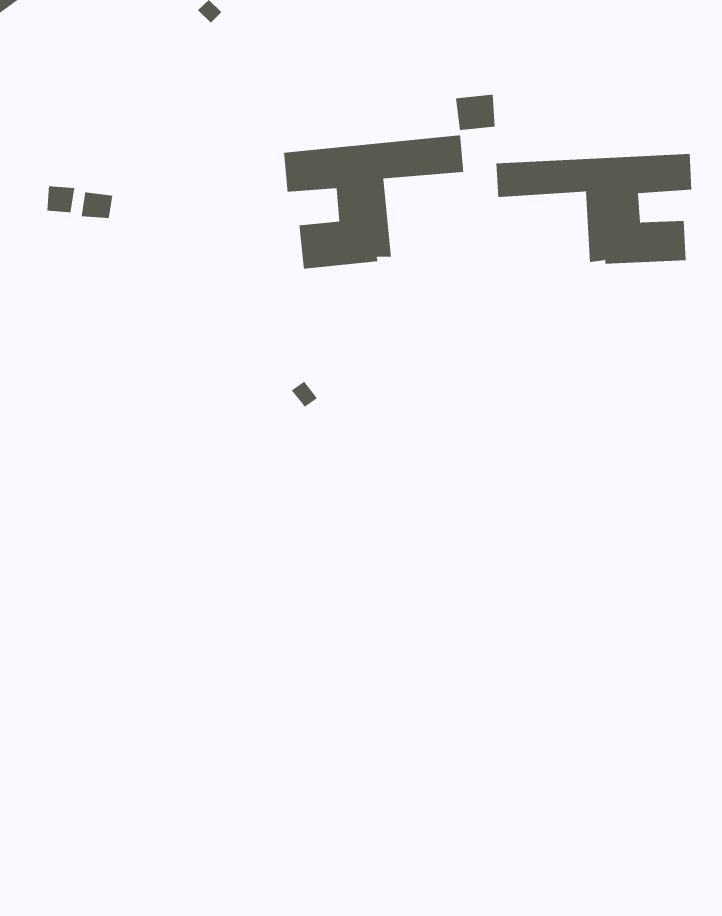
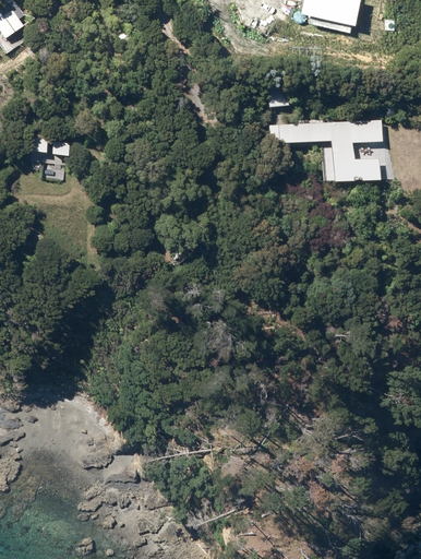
building: [283,135,464,269] -> none

